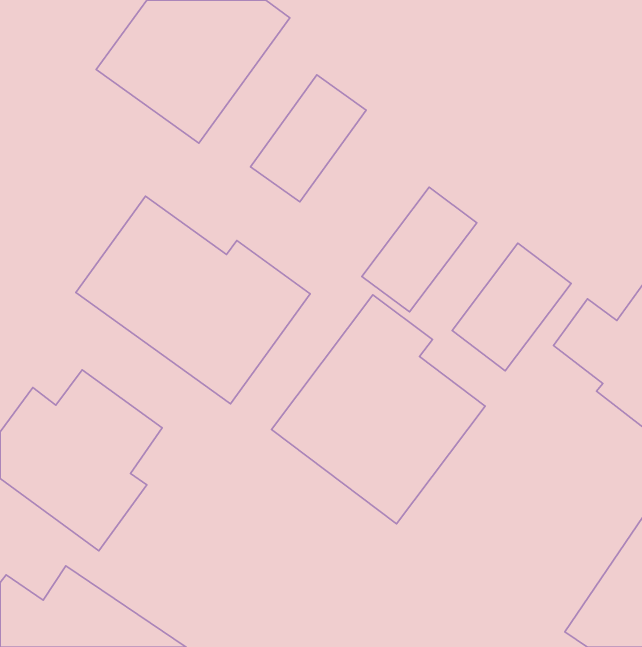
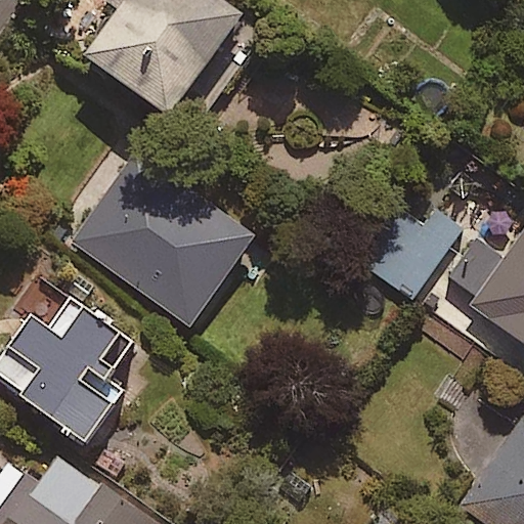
building: [251,75,366,202] -> none
building: [362,187,477,312] -> none
building: [271,295,485,524] -> none

